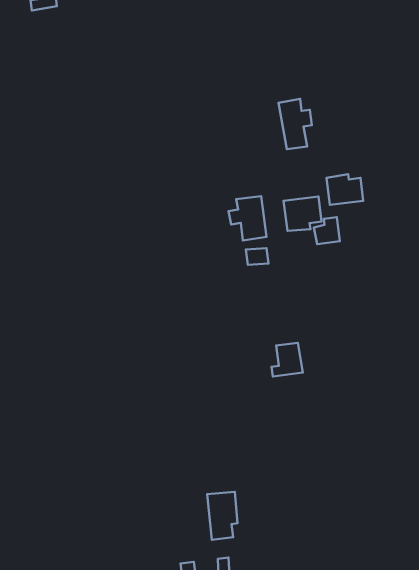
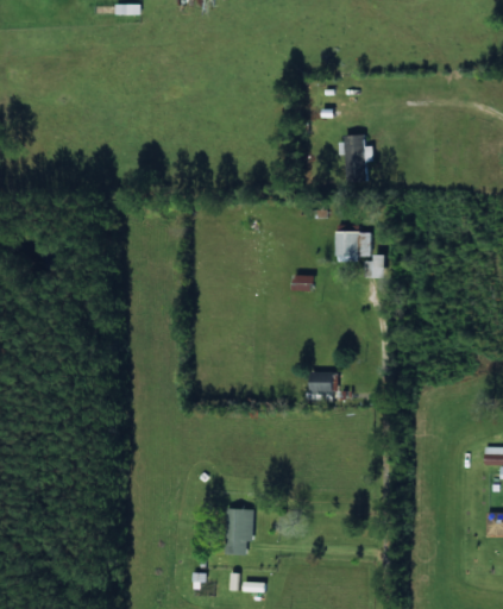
building: [327,174,363,205] -> none
building: [229,196,266,241] -> none

